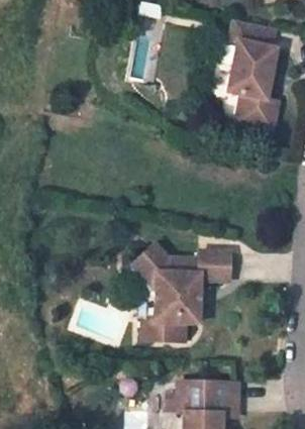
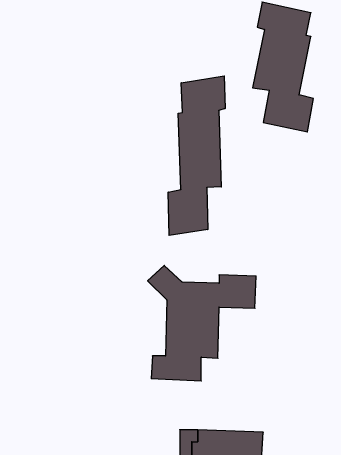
building: none -> [168,76,225,235]

